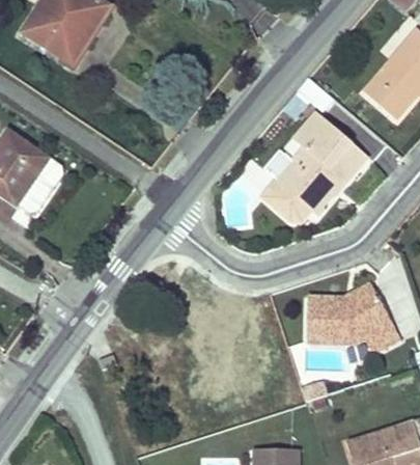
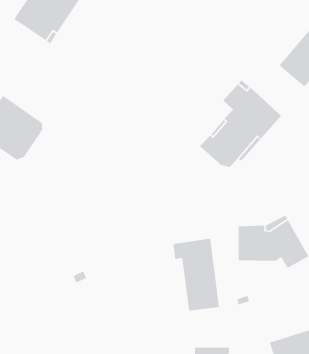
building: none -> [172,238,220,312]

